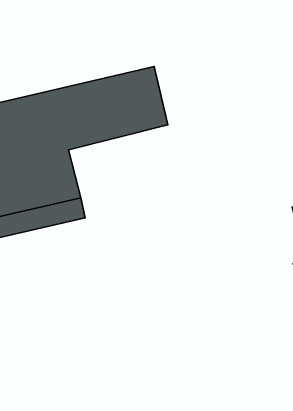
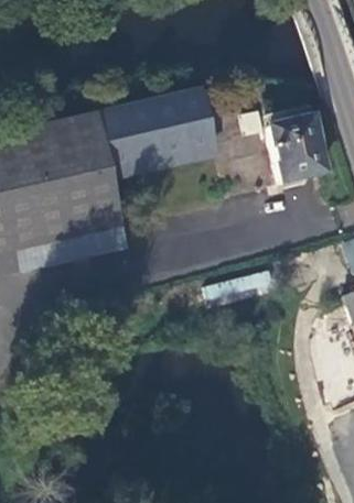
building: none -> [259,103,325,183]

